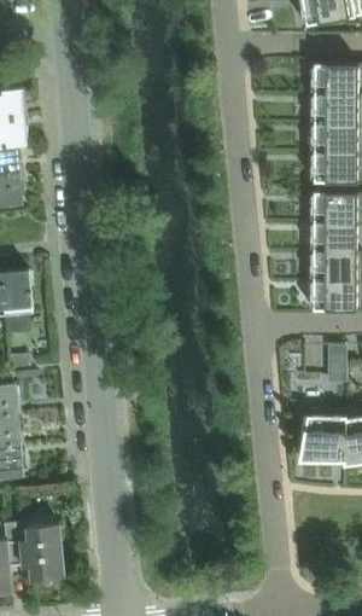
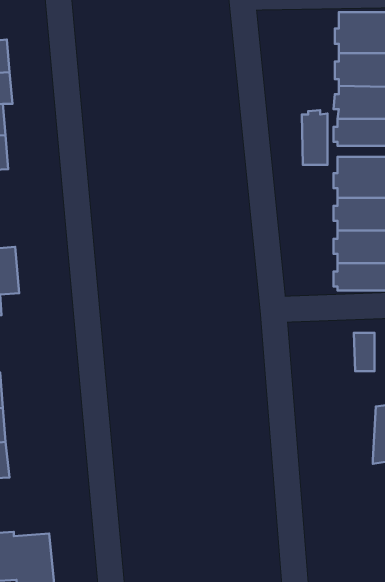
building: none -> [302,110,328,165]
building: [300,409,348,460] -> none

